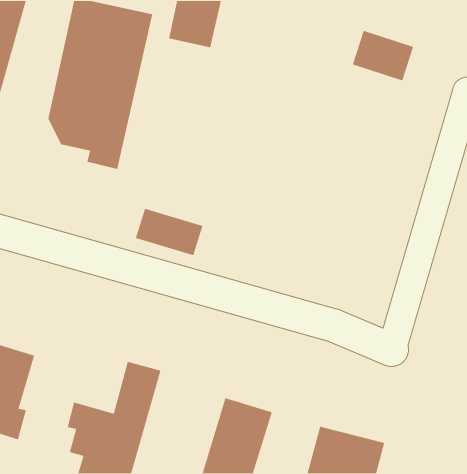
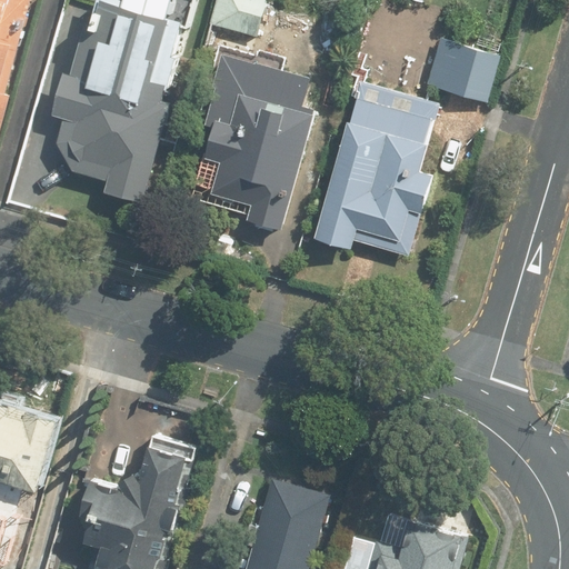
building: none -> [191,66,316,229]
building: none -> [311,80,440,264]
building: [135,208,203,256] -> none

